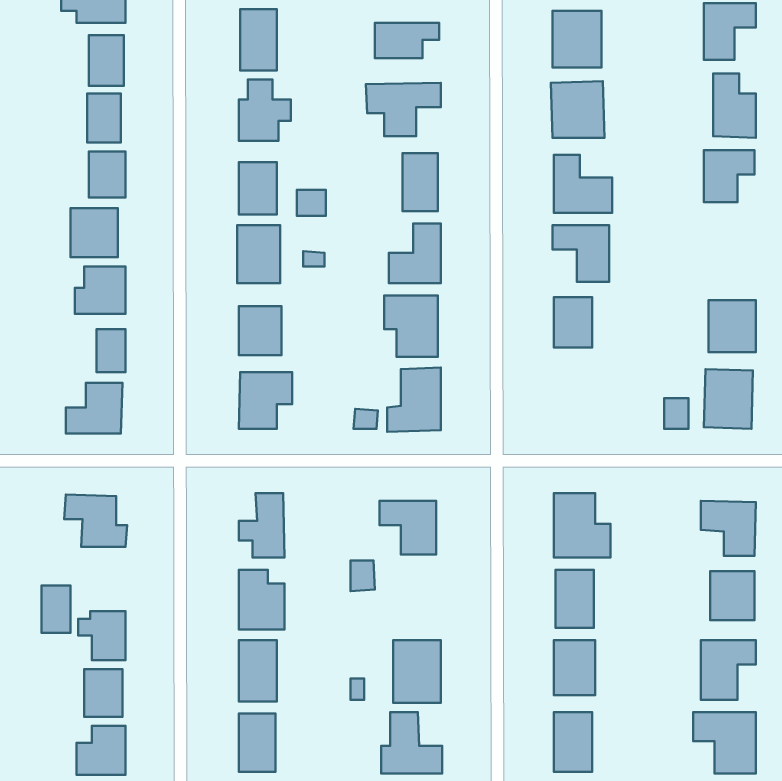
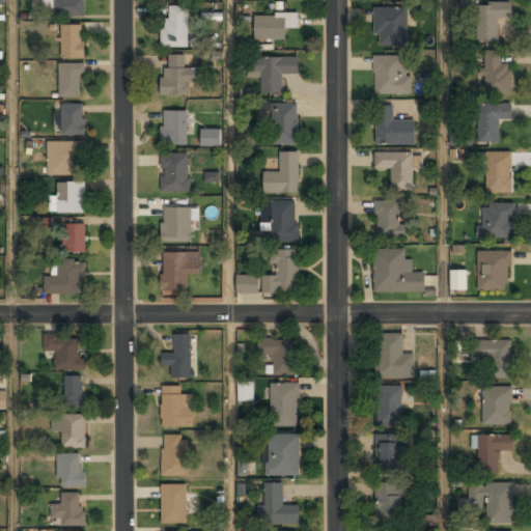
building: none -> [485,152,511,192]
building: none -> [372,249,425,292]
building: none -> [271,384,299,426]
building: [41,585,71,633] -> [63,376,83,409]

